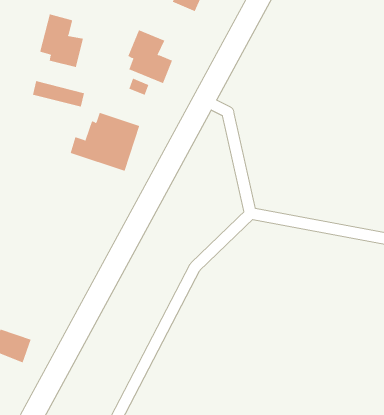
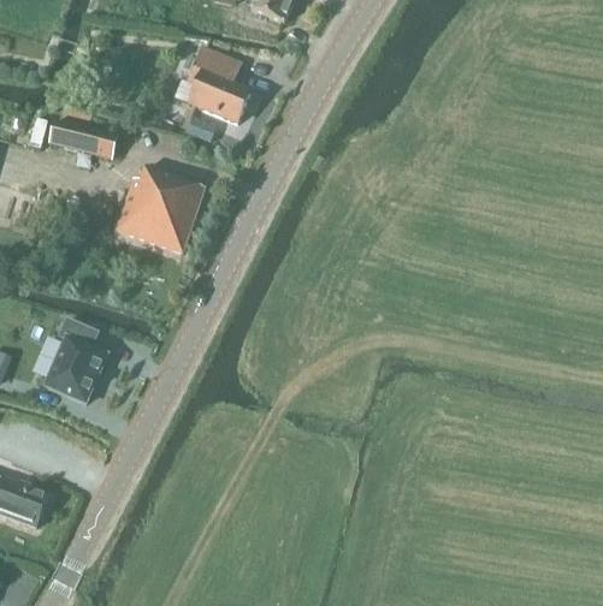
building: [40,13,84,68] -> none
building: none -> [45,316,106,402]

